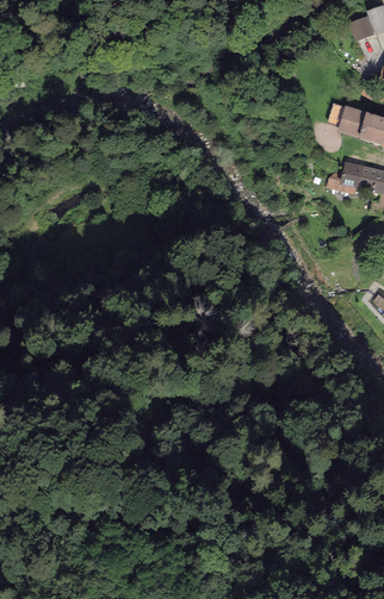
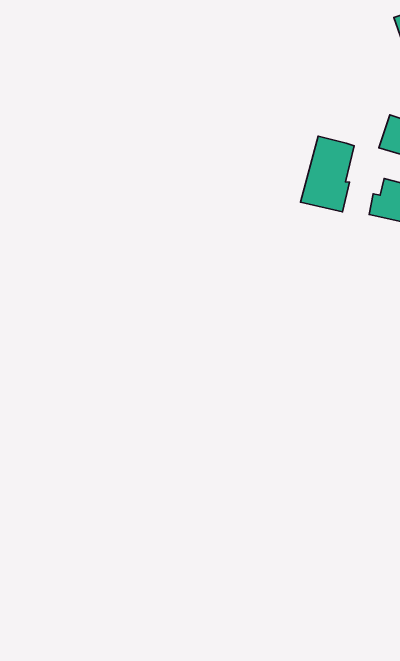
building: none -> [300,136,354,212]

